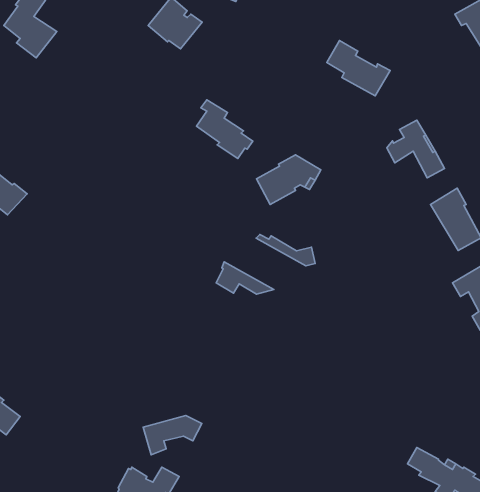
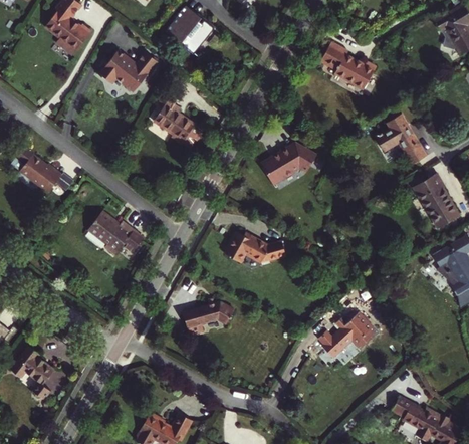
building: none -> [95,51,156,93]
building: [196,100,253,159] -> [152,97,201,149]
building: [256,235,315,266] -> [233,232,284,259]
building: none -> [93,219,150,264]
building: none -> [318,311,375,358]
building: [143,416,202,455] -> [184,302,235,337]

